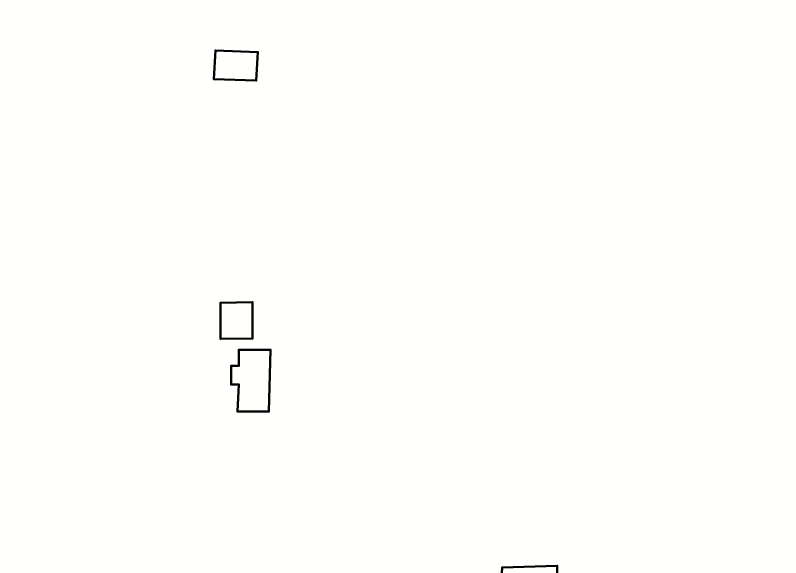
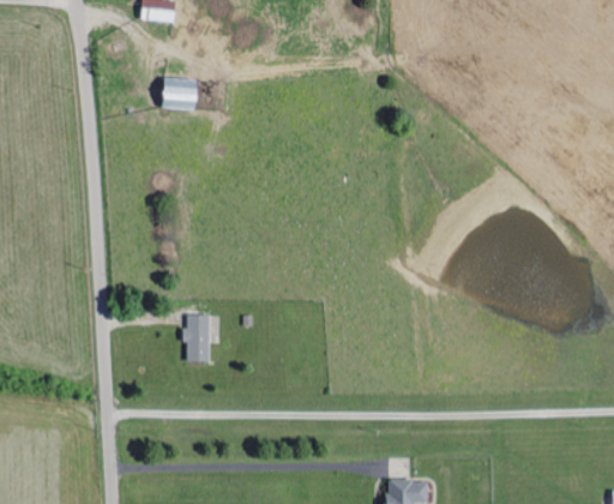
building: [221,302,253,339] -> none

